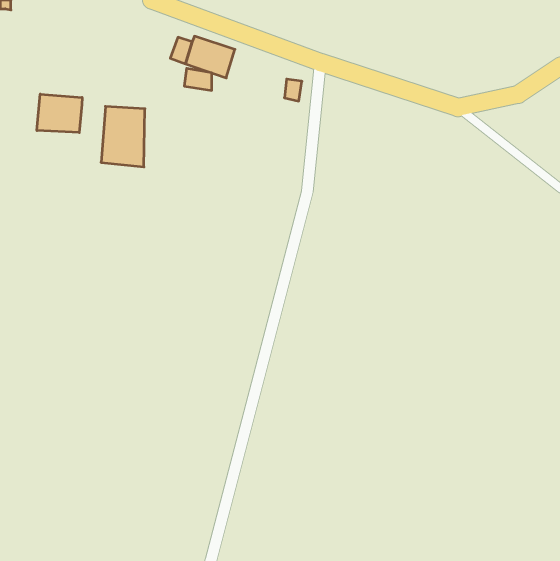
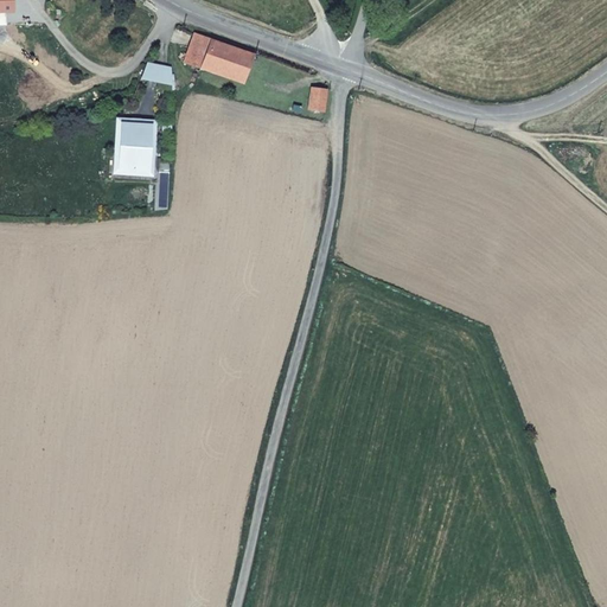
building: [184,68,212,90] -> [140,60,170,84]
building: [37,94,82,133] -> none

